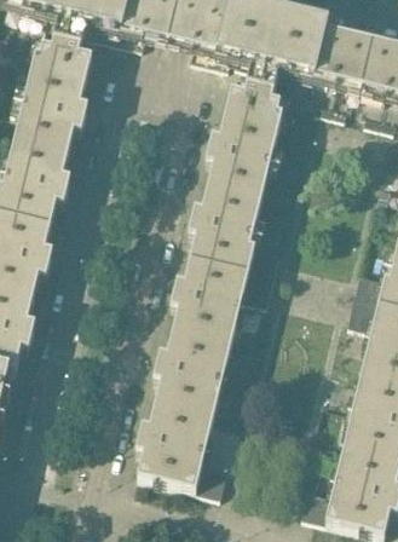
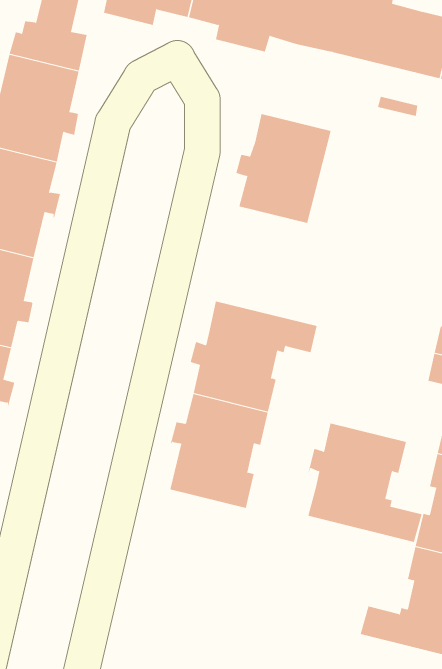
building: [225,54,283,121] -> none
building: [190,179,275,271] -> none
building: [138,397,226,489] -> [308,423,423,543]

